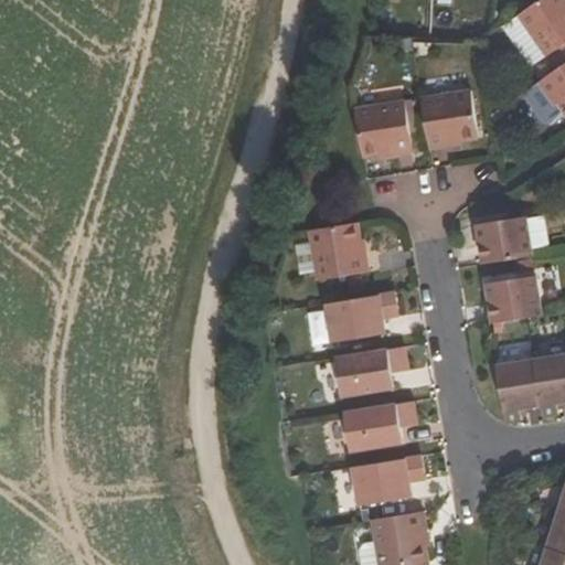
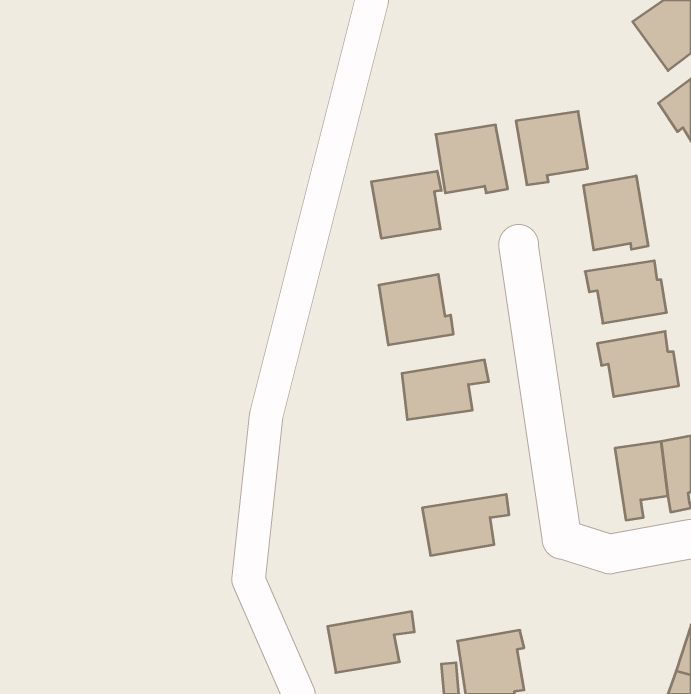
building: none -> [371,171,441,238]
building: none -> [584,176,648,250]
building: [334,348,405,396] -> none
building: [352,456,423,505] -> [328,612,414,673]

